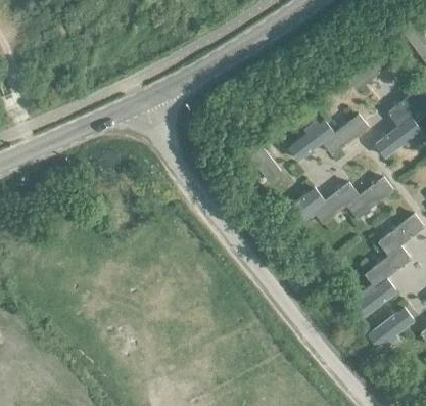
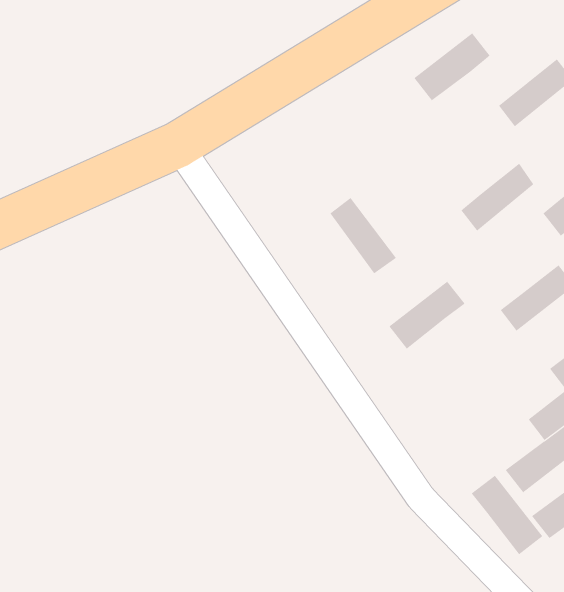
building: [286,119,334,162] -> [414,33,491,101]
building: [313,182,360,224] -> none
building: none -> [471,475,543,555]

